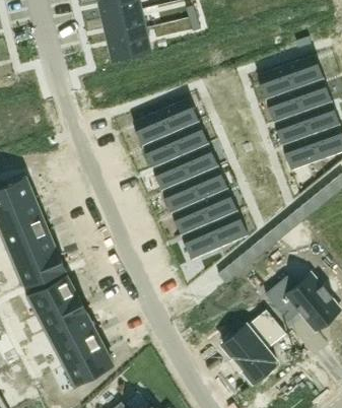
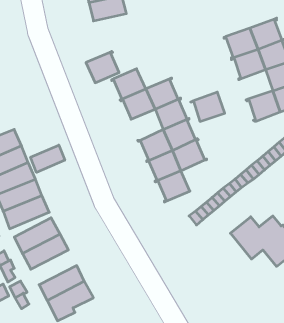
building: [160,99,197,134] -> [86,51,119,83]
building: [273,113,311,145] -> [191,92,225,121]
building: [152,156,190,191] -> none
building: none -> [31,145,65,172]
building: [209,212,248,247] -> none
building: [221,311,285,382] -> none
building: [44,312,94,350] -> none

